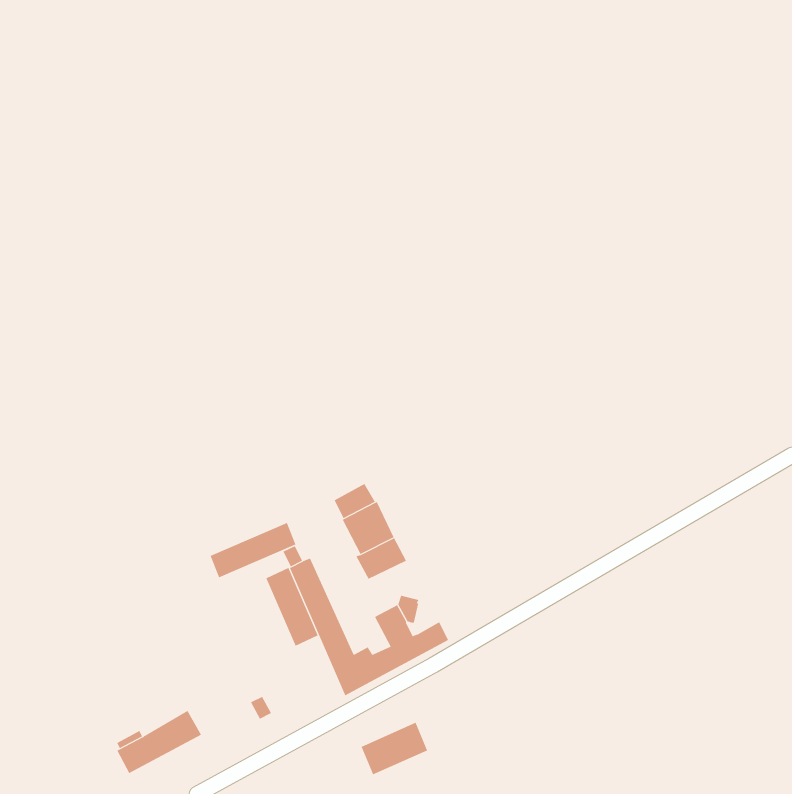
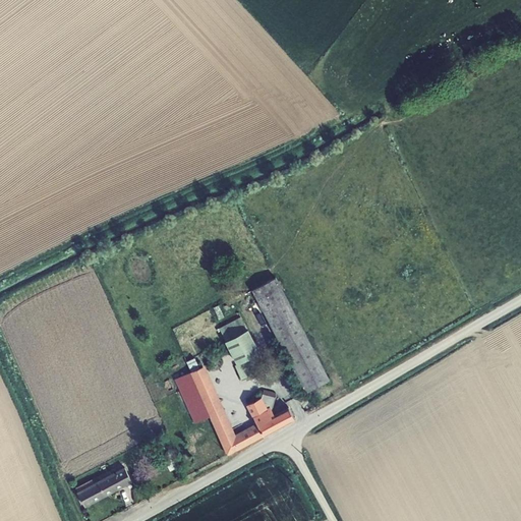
building: none -> [251,277,329,392]
building: [210,522,296,578] -> none
building: [361,722,428,775] -> none

